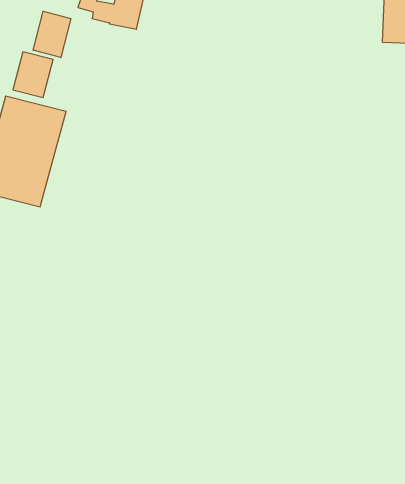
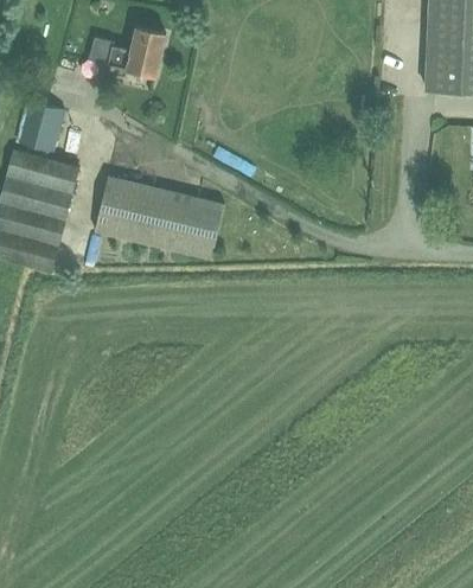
building: [33,11,71,58] -> none
building: none -> [95,175,223,258]

